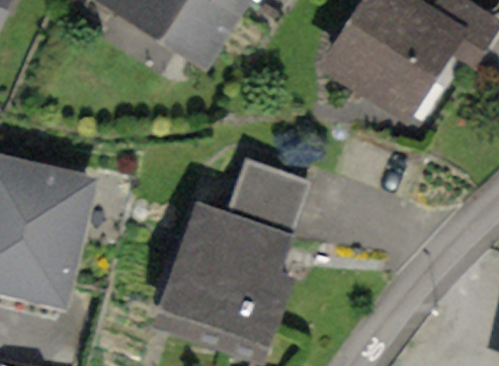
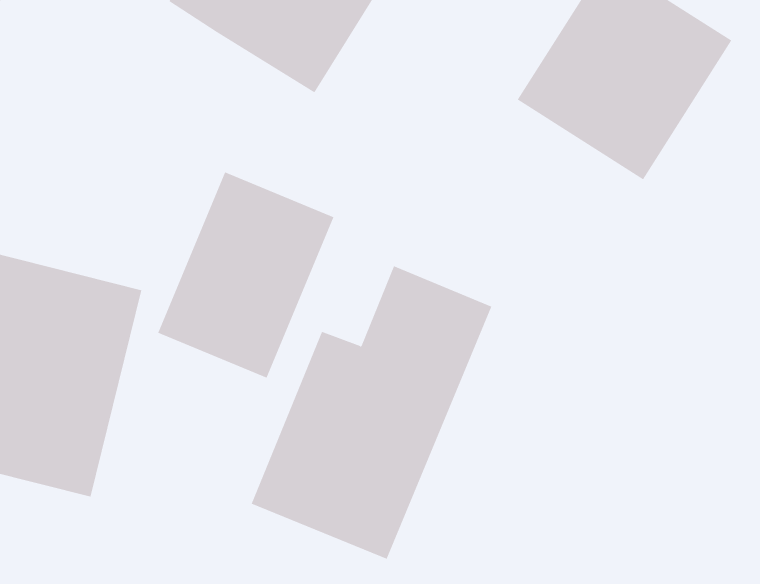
building: none -> [158,171,334,379]

